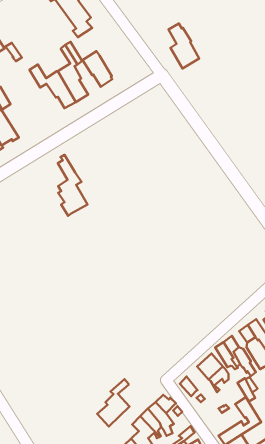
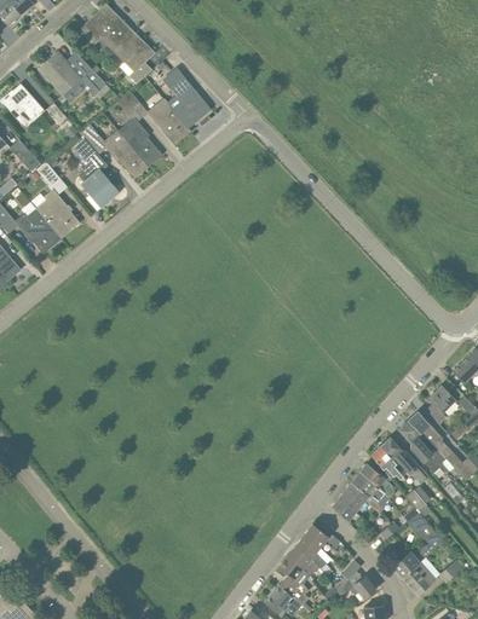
building: none -> [39,51,92,93]
building: [168,23,199,68] -> [162,69,207,126]
building: [58,155,88,216] -> [74,133,120,210]
building: none -> [339,481,381,515]
building: [97,379,130,426] -> none

